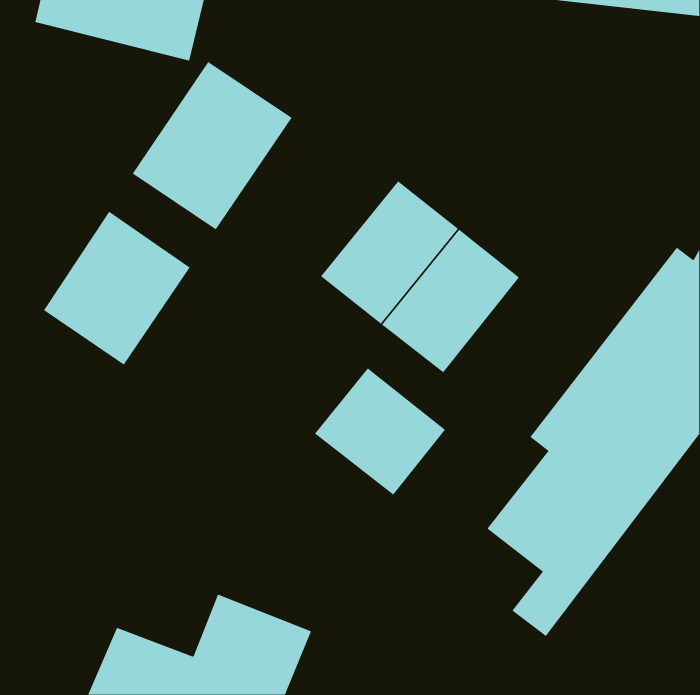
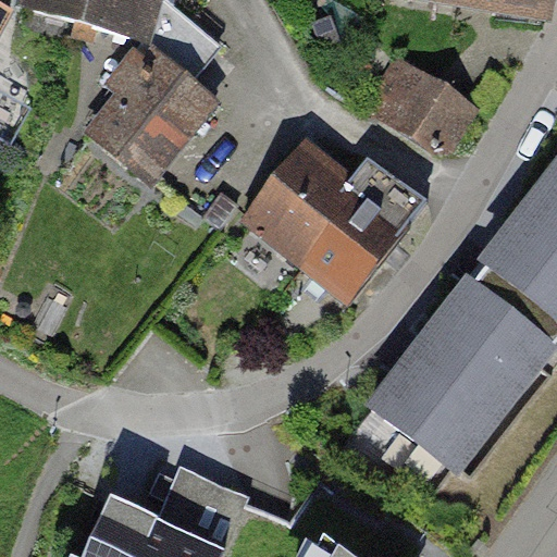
building: none -> [363,54,474,151]
building: [43,211,191,366] -> none
building: [314,367,446,495] -> none

